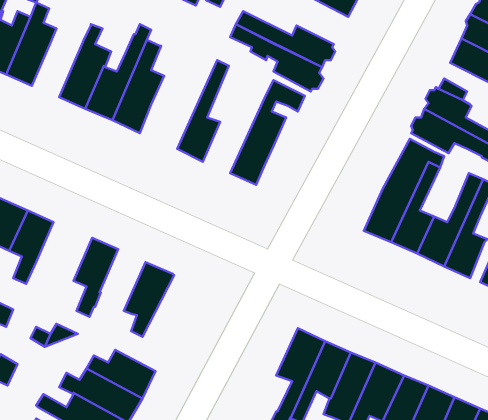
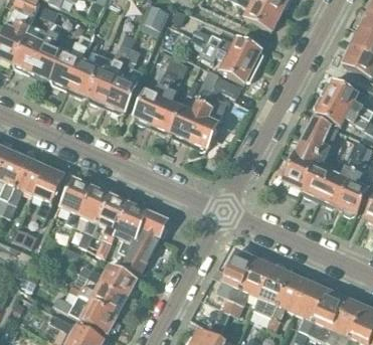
building: none -> [49,33,90,88]
building: none -> [133,53,181,124]
building: none -> [169,80,213,141]
building: none -> [59,178,91,227]
building: none -> [96,194,129,258]
building: none -> [122,212,167,276]

